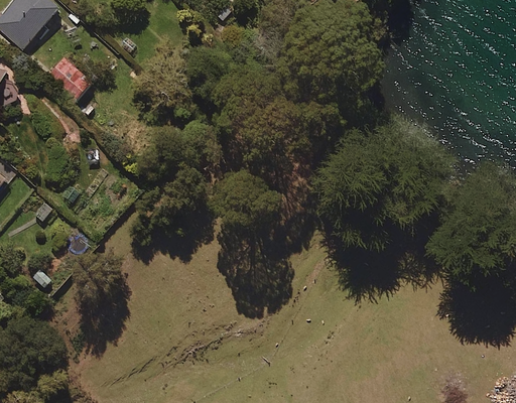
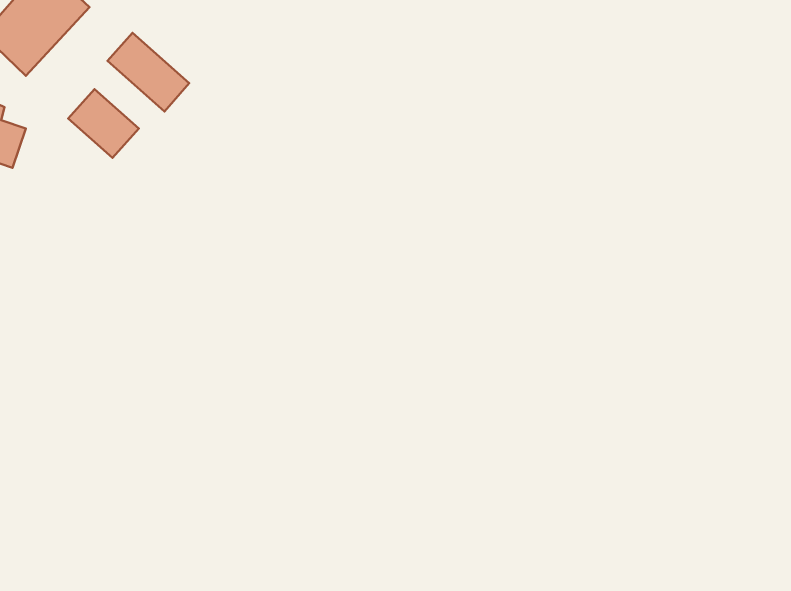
building: none -> [108,33,189,111]

